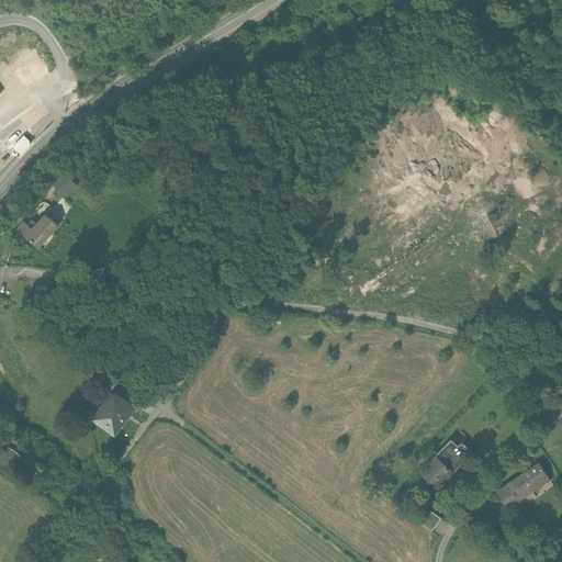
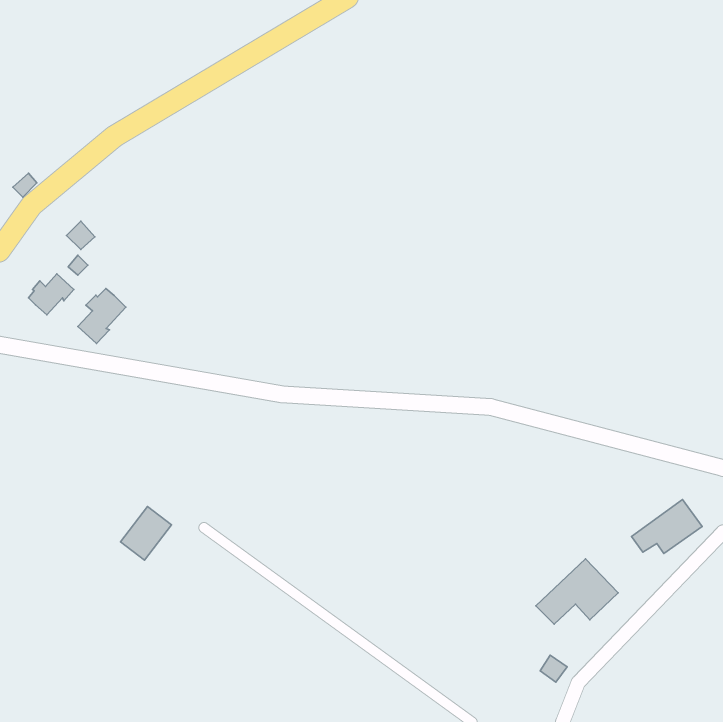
building: none -> [78,289,126,344]
building: [496,467,551,508] -> [631,500,702,553]

